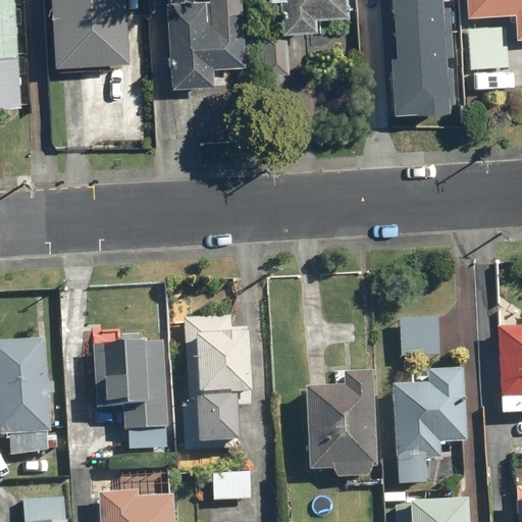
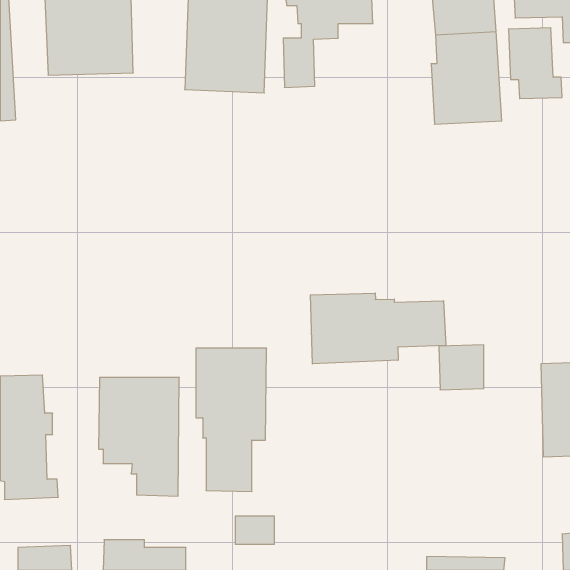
building: none -> [310,293,446,364]
building: [396,365,467,483] -> none
building: [308,369,380,472] -> none

